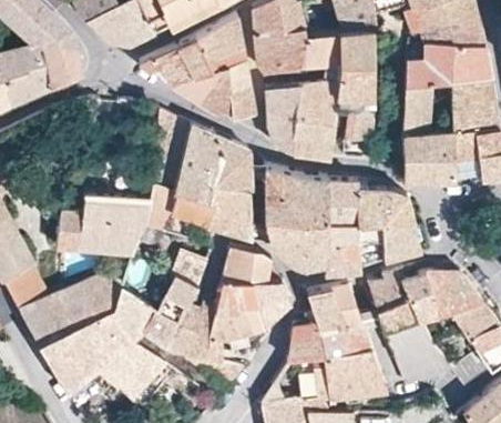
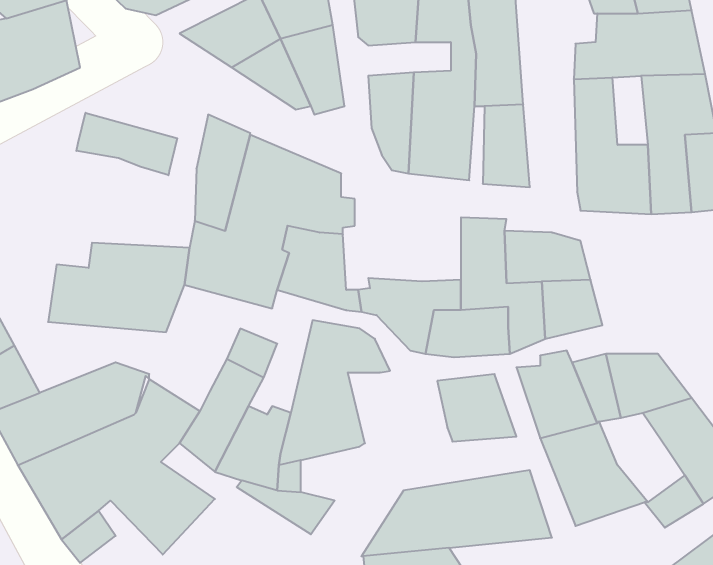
building: none -> [76,113,177,175]
building: [260,170,330,224] -> none
building: [256,283,295,331] -> none
building: [293,321,376,362] -> none

